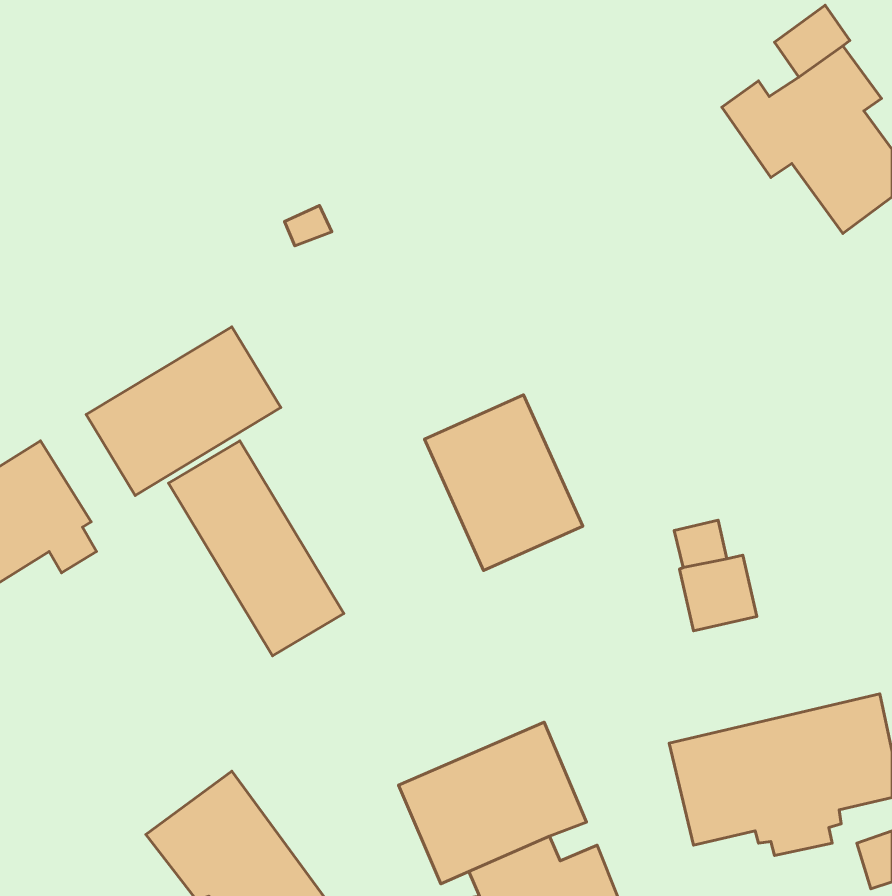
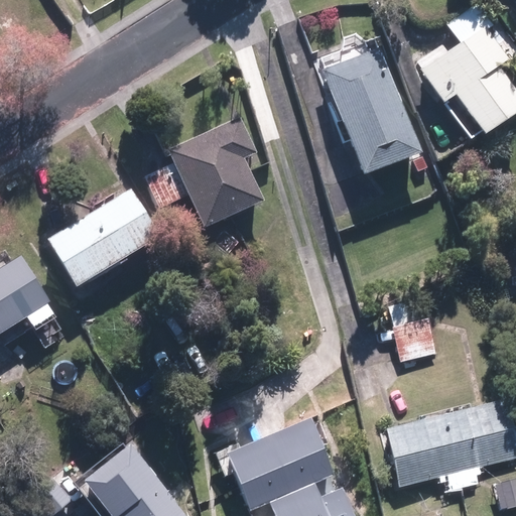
building: none -> [320,45,421,173]
building: none -> [143,118,264,228]
building: [424,395,583,570] -> none
building: [168,441,344,656] -> none

